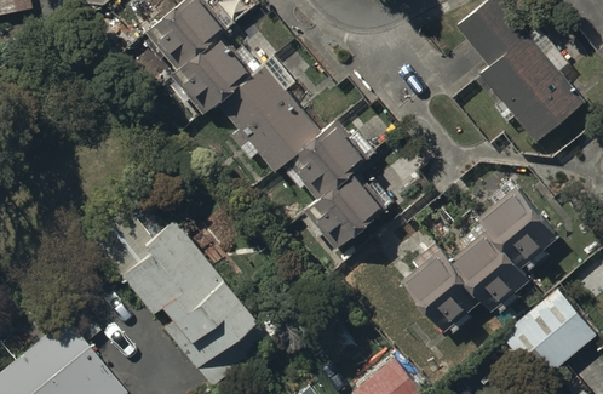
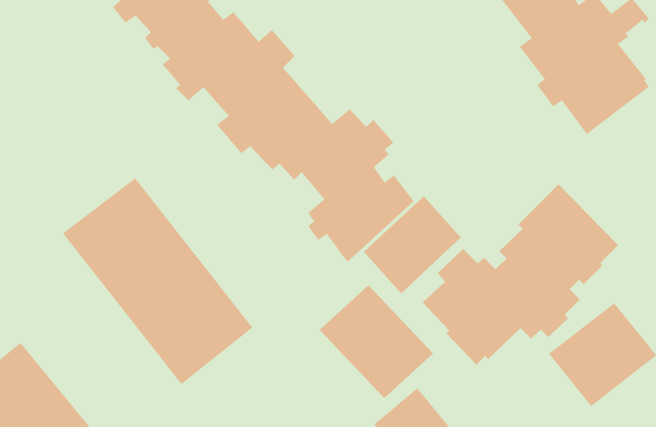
building: none -> [363,195,462,294]
building: none -> [319,284,434,399]

